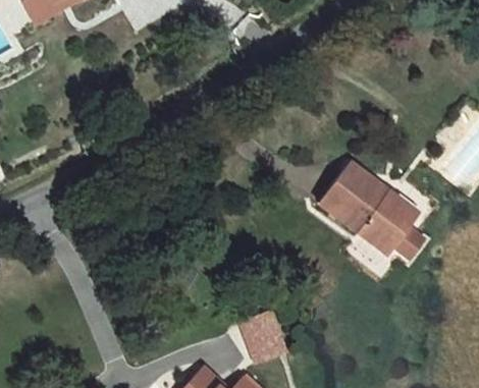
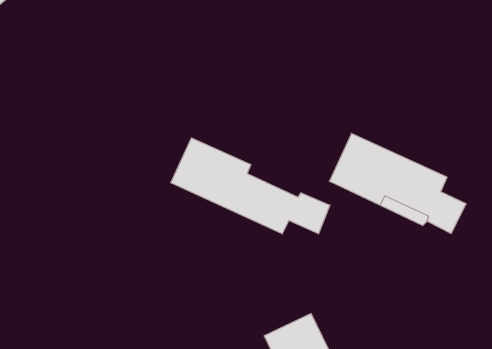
building: none -> [171,138,330,234]

